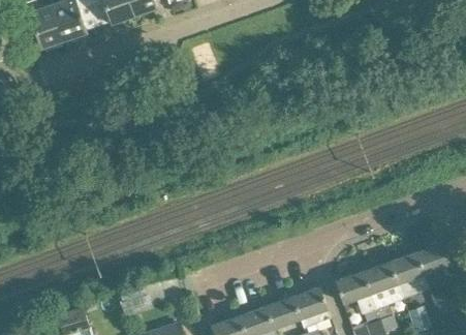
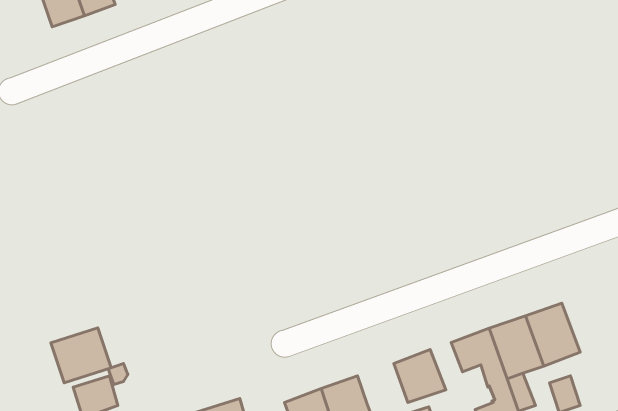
building: [416,243,452,309] -> none
building: none -> [51,328,111,383]
building: [266,298,303,328] -> none

